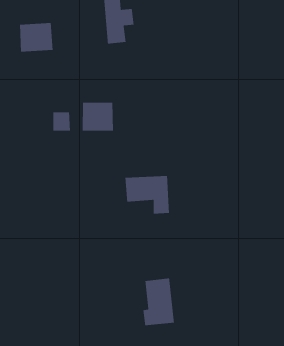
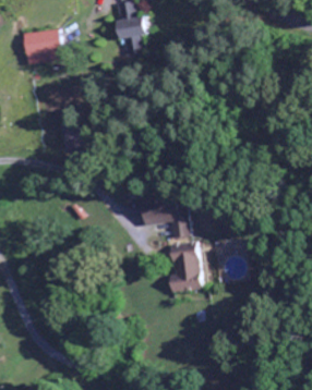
building: [82,102,114,132] -> none
building: [142,277,175,326] -> [166,241,201,293]

